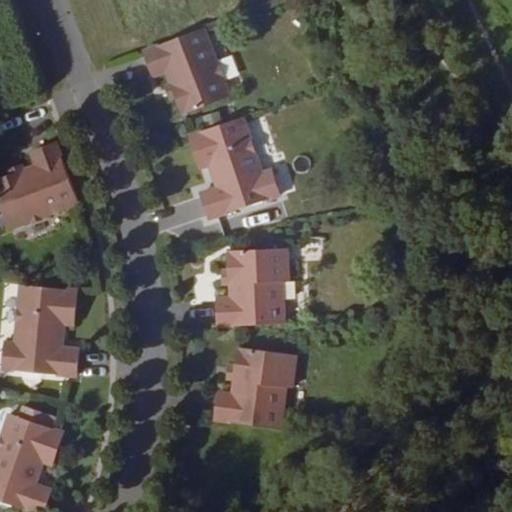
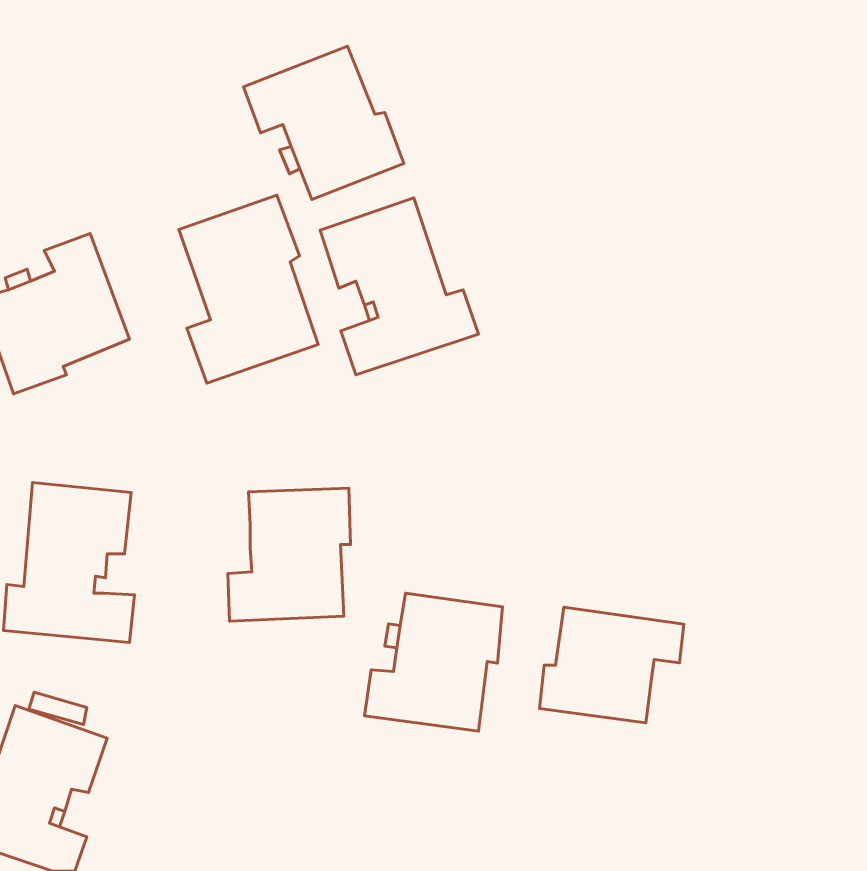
building: none -> [179,195,318,383]
building: [216,248,288,326] -> [228,488,351,621]
building: none -> [540,607,684,723]

